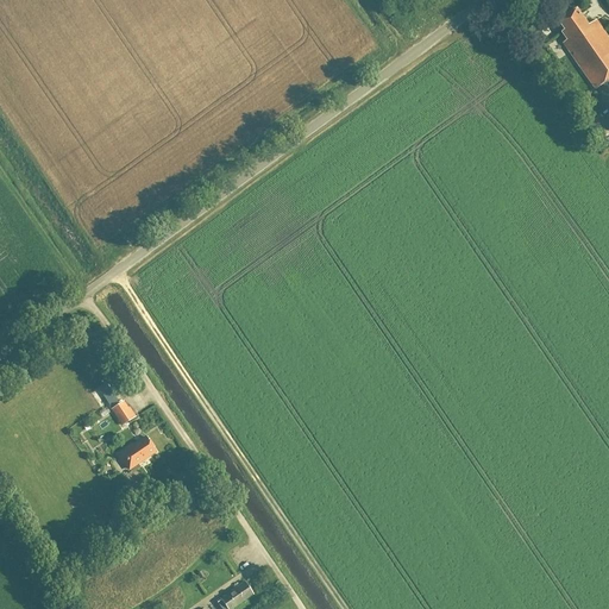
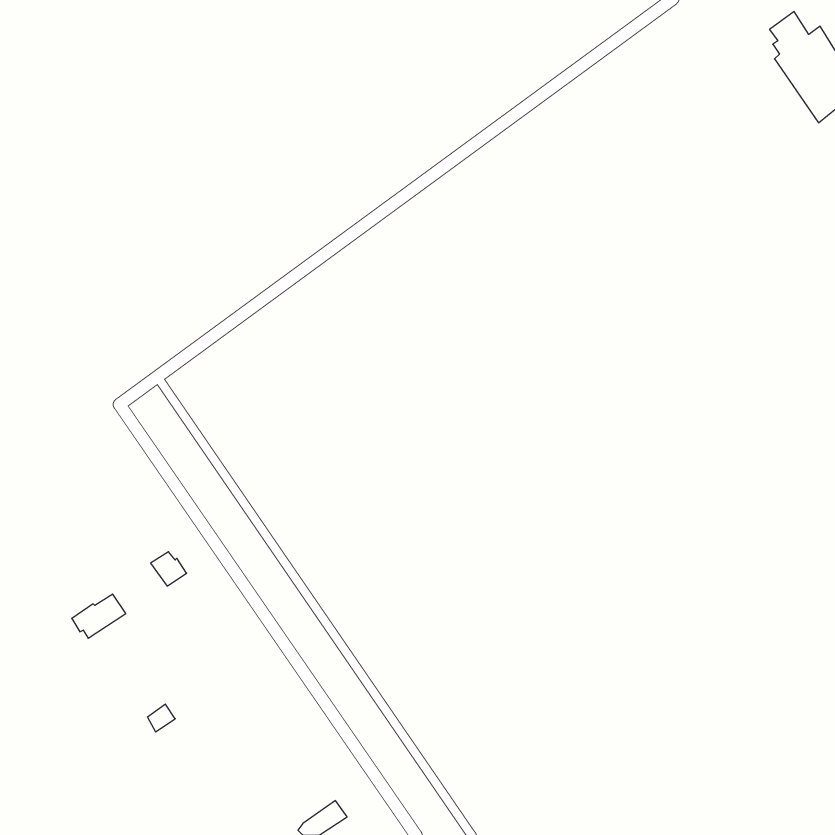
building: [117,437,156,469] -> [72,594,126,638]

